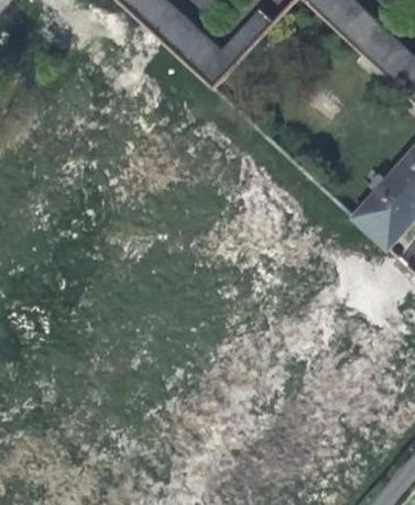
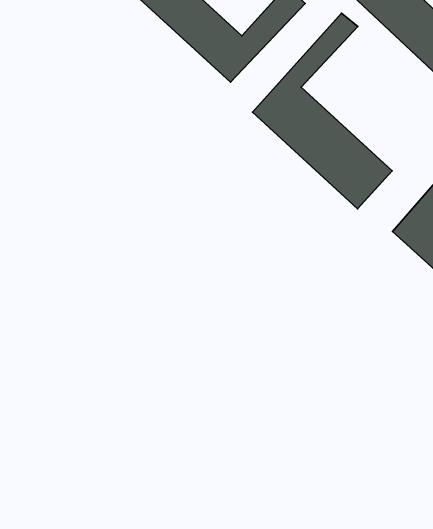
building: none -> [252,13,392,209]

